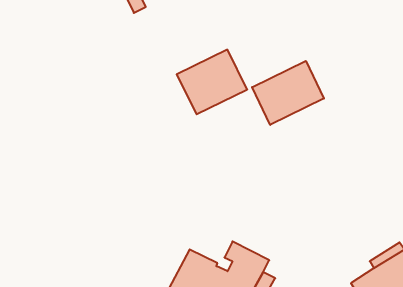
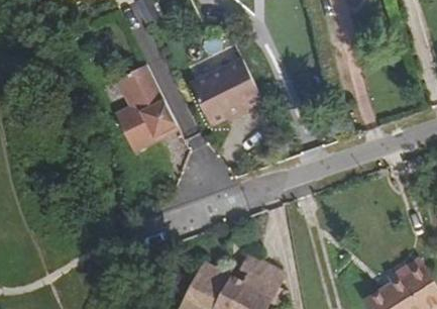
building: none -> [116,64,178,150]
building: [252,61,324,125] -> none

